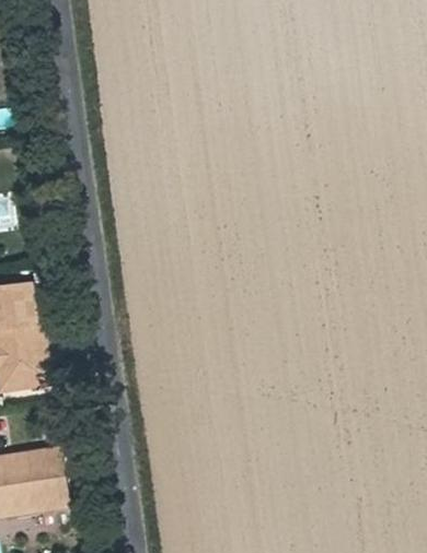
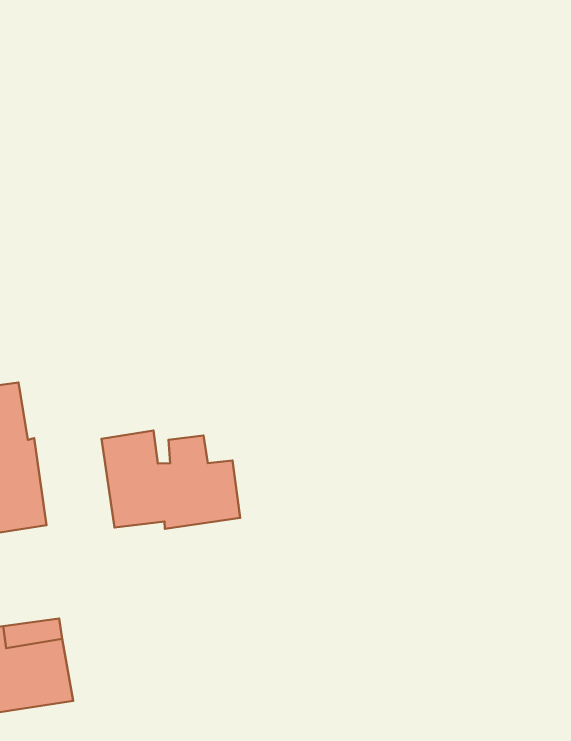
building: none -> [101,430,240,529]

